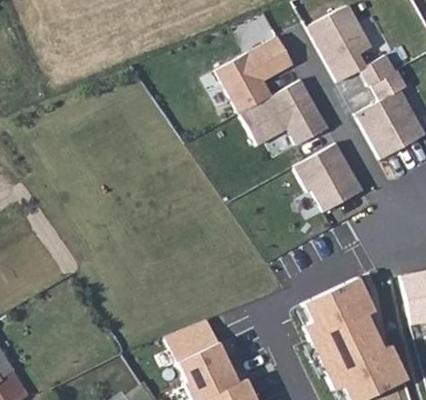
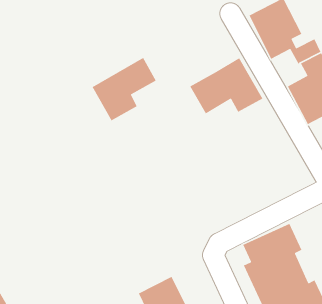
building: [214,35,293,113] -> [91,57,157,121]
building: [293,142,364,212] -> none
building: [165,321,217,363] -> none

